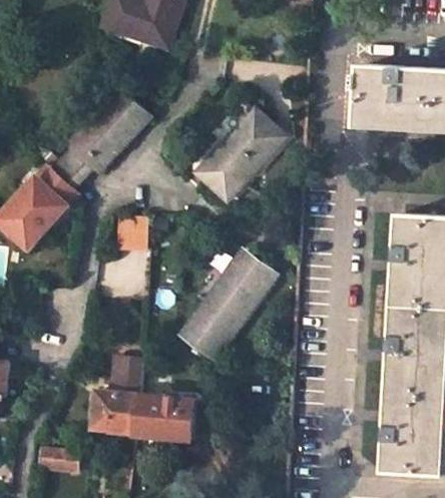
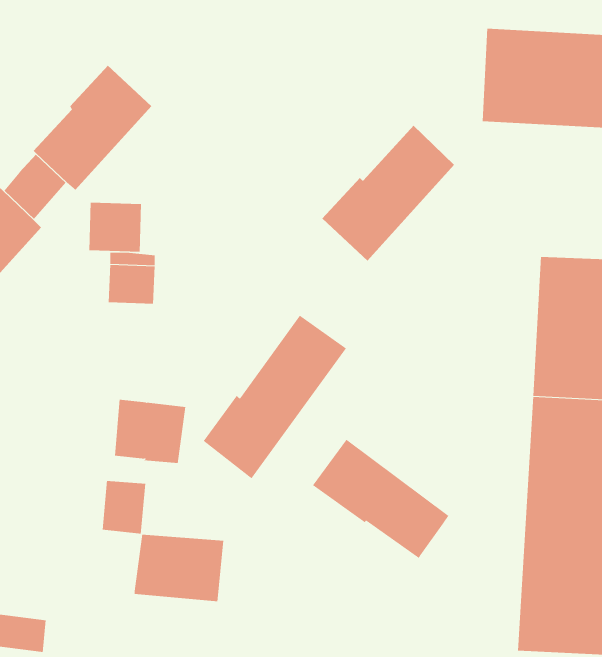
building: [192,112,280,201] -> [321,125,455,261]
building: none -> [89,202,141,252]
building: none -> [312,439,449,559]
building: [90,392,137,434] -> [114,399,186,464]

